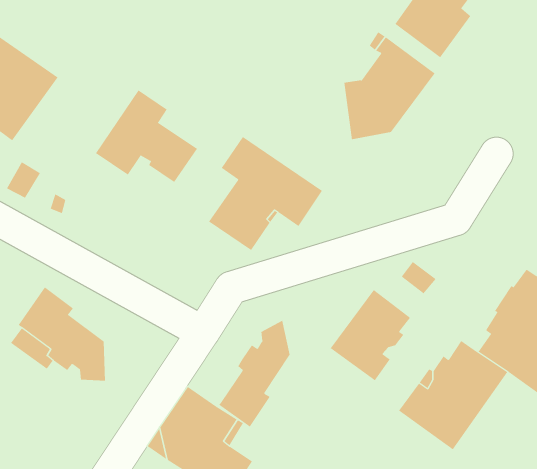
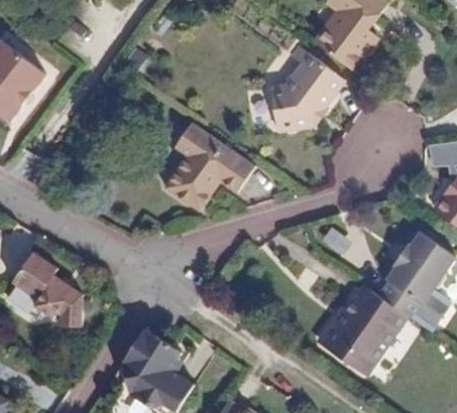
building: [95,89,198,183] -> none
building: [330,289,411,381] -> none
building: [219,320,290,428] -> none

